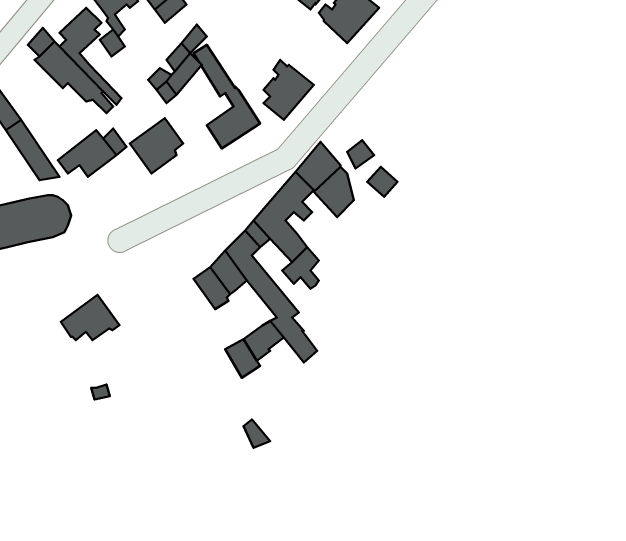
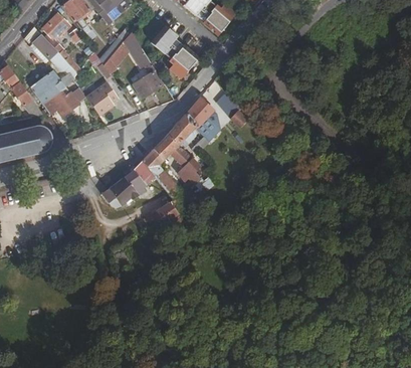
building: none -> [151,25,178,54]
building: none -> [30,70,66,106]
building: [61,295,119,340] -> [102,177,138,204]

